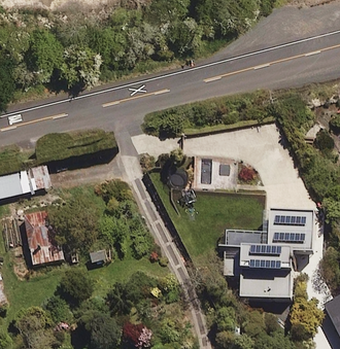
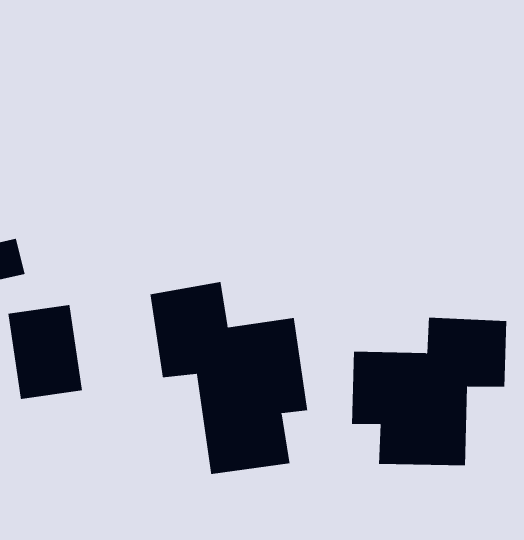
building: none -> [150,281,308,475]

